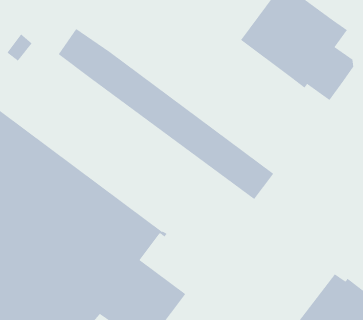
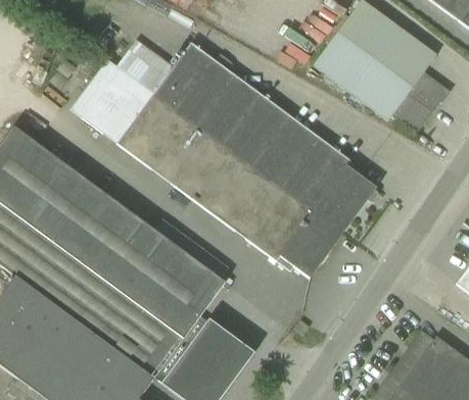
building: none -> [128,39,377,217]
building: none -> [82,82,331,278]

